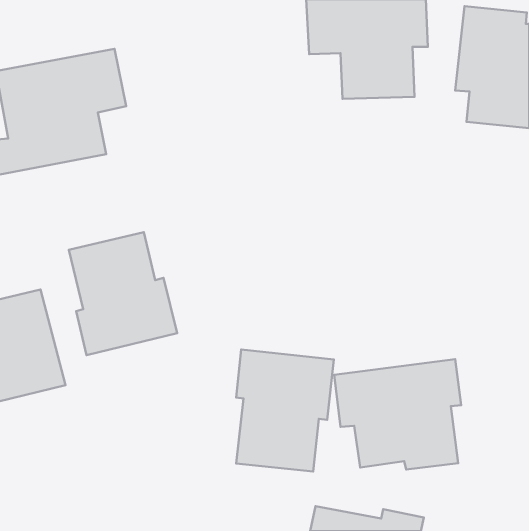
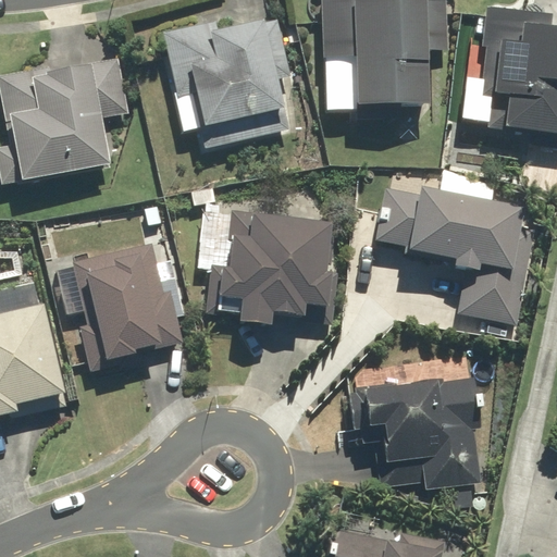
building: none -> [162,15,294,149]
building: none -> [372,181,531,325]
building: none -> [202,210,335,324]
building: [236,350,334,471] -> none

